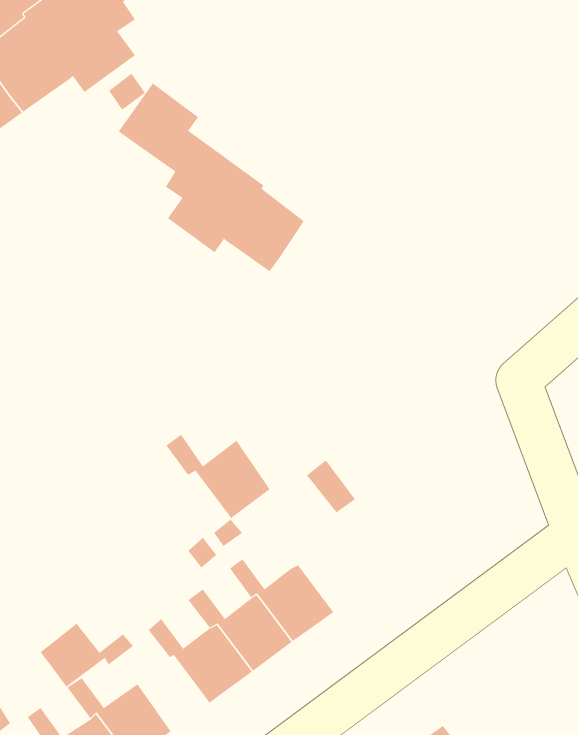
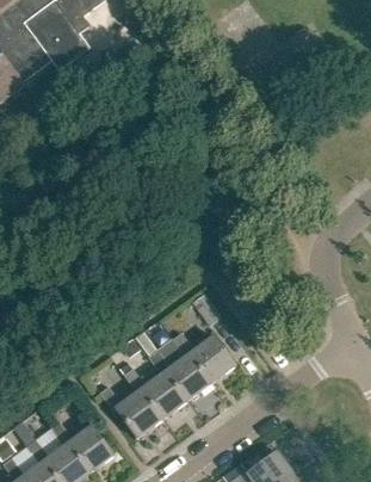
building: [118,83,304,272] -> none
building: [166,434,271,519] -> [171,332,234,383]
building: [40,623,134,688] -> none

